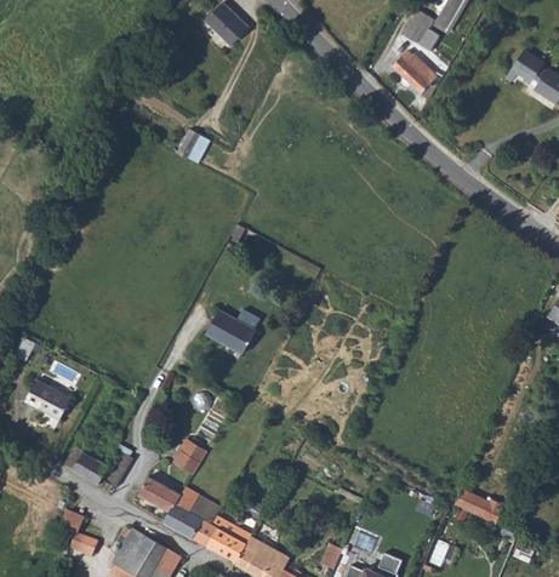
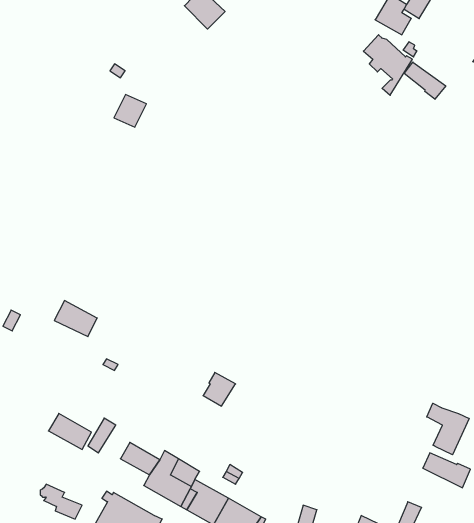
building: none -> [404,62,446,99]
building: [178,128,212,162] -> [114,95,146,127]
building: [205,309,256,353] -> none
building: [24,379,69,417] -> [54,301,97,337]
building: none -> [427,403,469,455]
building: [173,436,207,472] -> [203,372,236,406]

